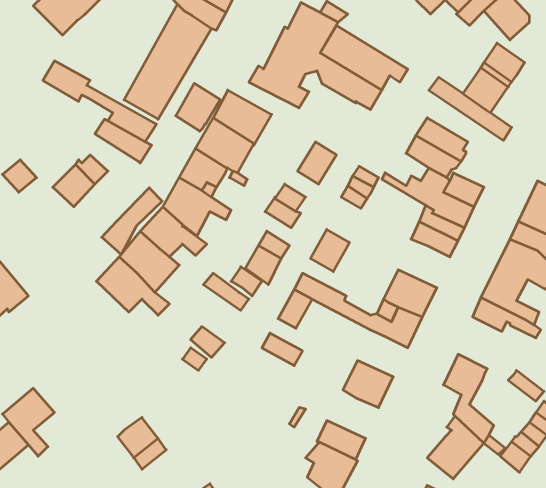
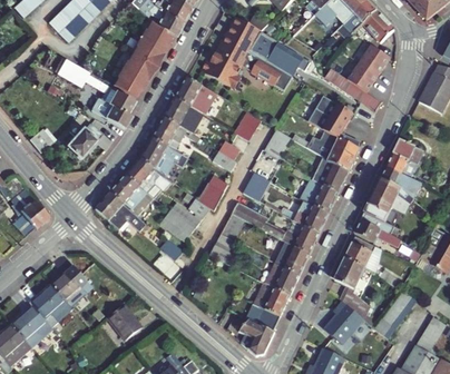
building: [176,83,220,131] -> none
building: [102,188,162,254] -> none
building: none -> [300,179,339,214]
building: none -> [160,211,195,243]
building: none -> [344,237,381,276]
building: none -> [275,243,310,275]
building: none -> [52,264,94,299]
building: none -> [253,283,290,317]

